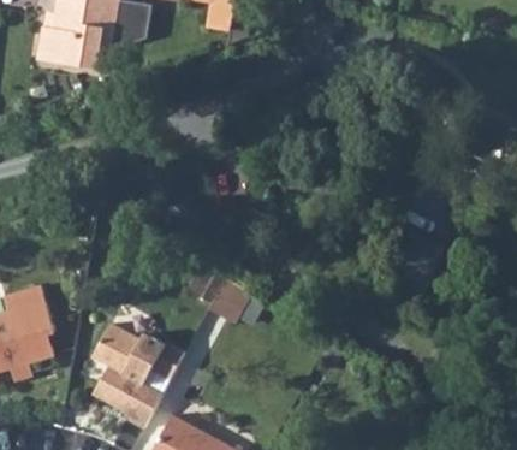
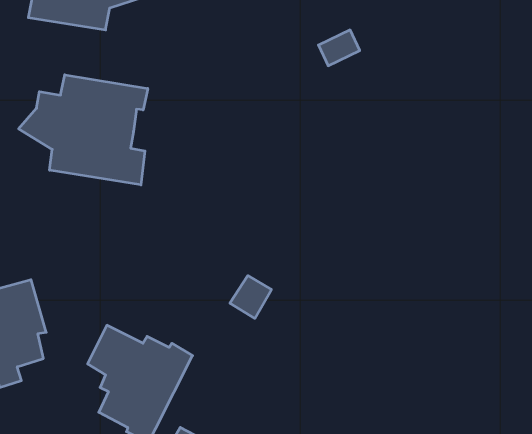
building: none -> [19,75,148,185]

